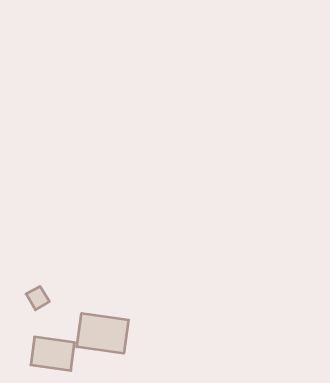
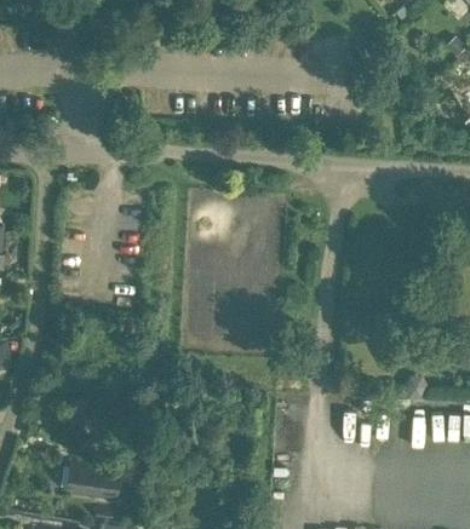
building: [77,313,129,353] -> none

